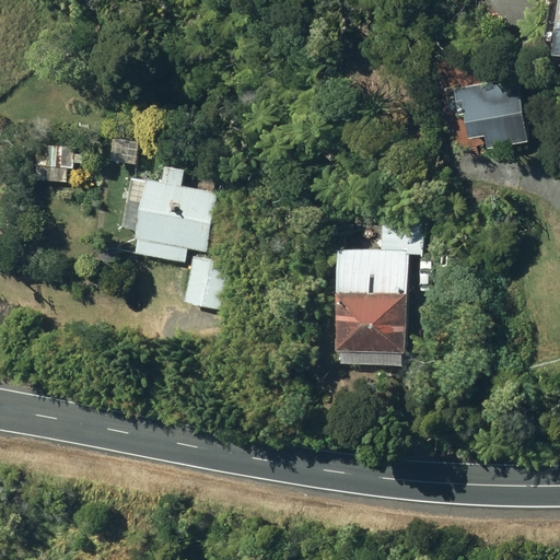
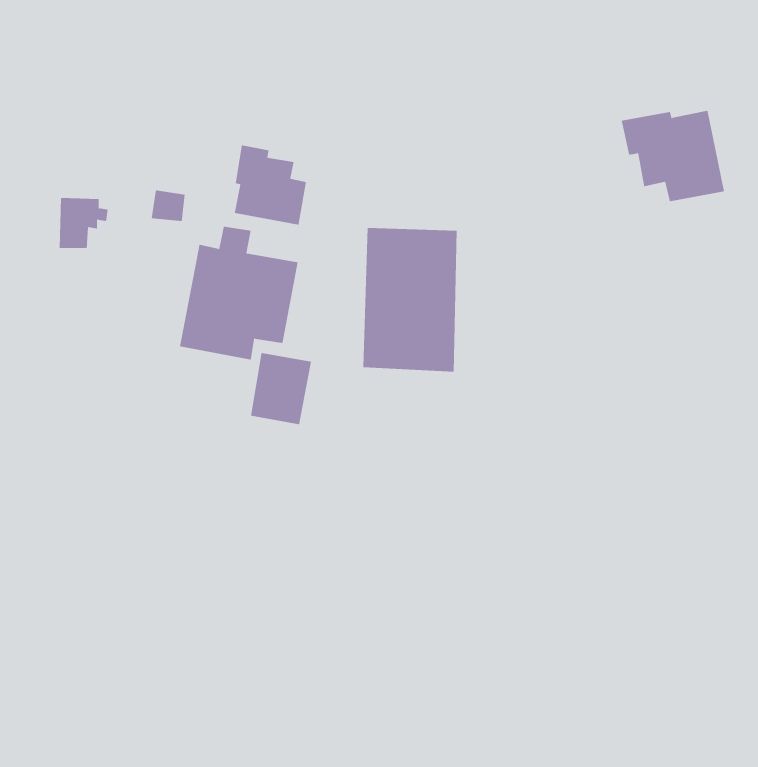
building: none -> [234,144,306,225]
building: [338,248,407,353] -> [362,227,457,372]

